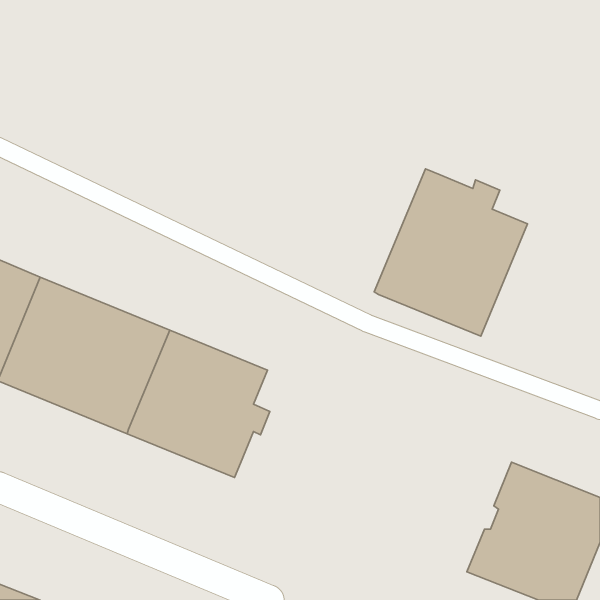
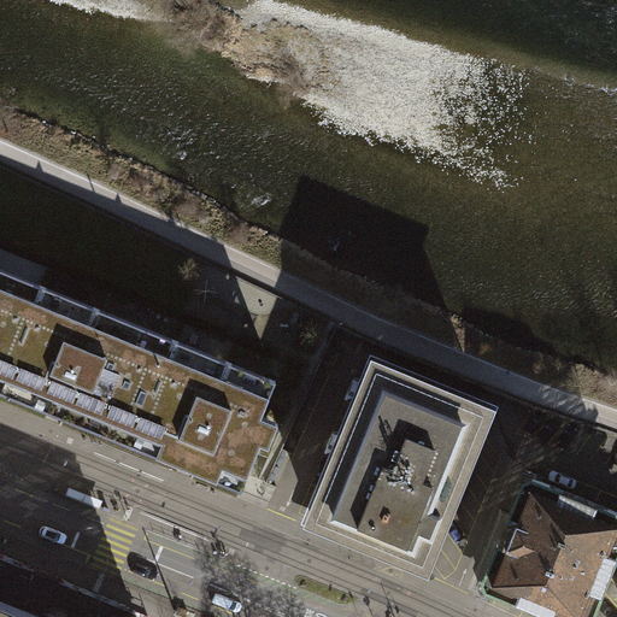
building: [374,169,527,336] -> none
building: none -> [310,363,486,562]

